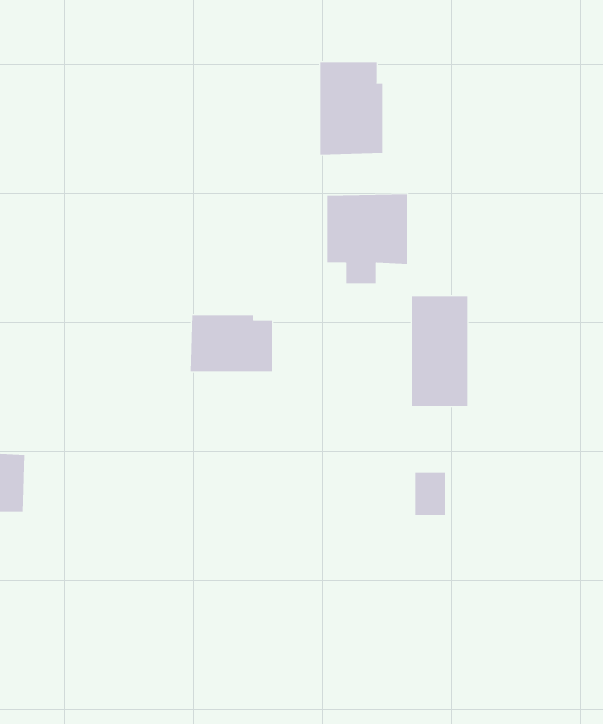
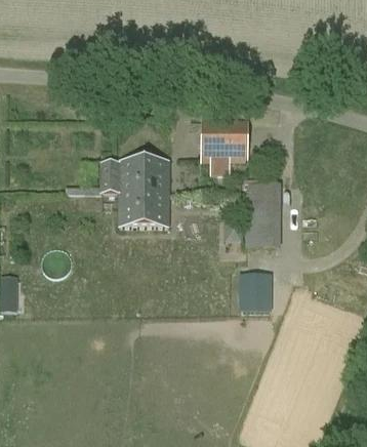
building: [320,61,383,155] -> none
building: none -> [100,159,167,194]

